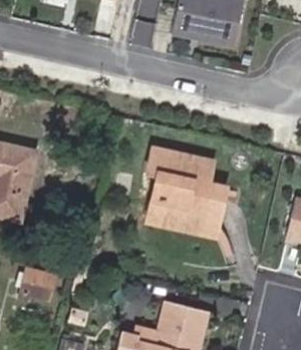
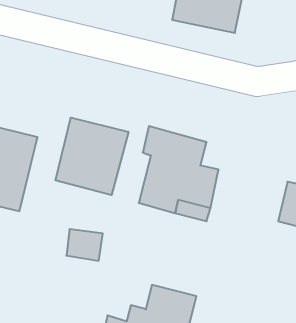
building: none -> [55,118,128,195]
building: [19,268,55,299] -> [66,229,103,261]

